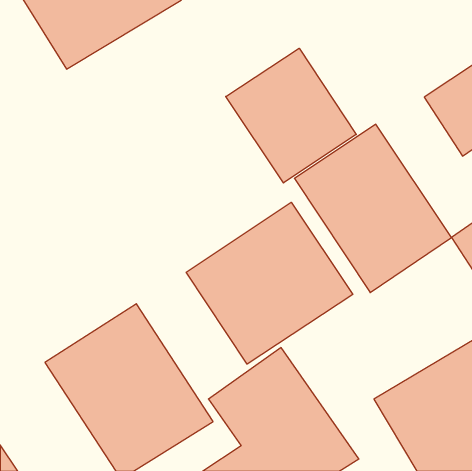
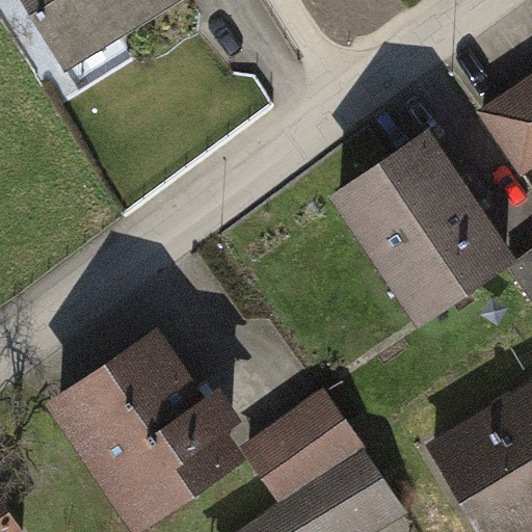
building: [226,48,356,183] -> none
building: [186,202,353,364] -> none

